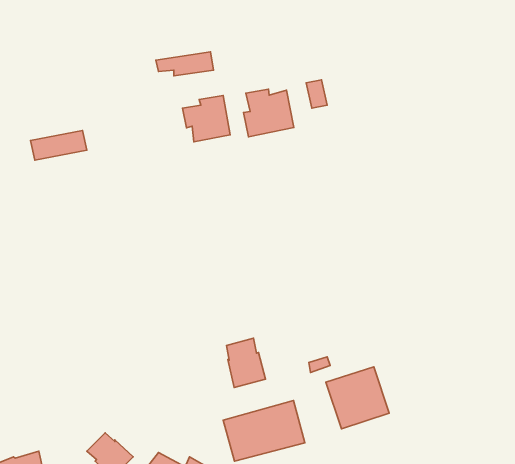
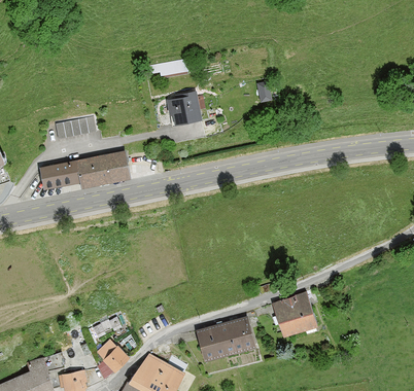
building: [243,89,294,137] -> none
building: none -> [40,152,131,190]
building: [226,338,266,388] -> none

